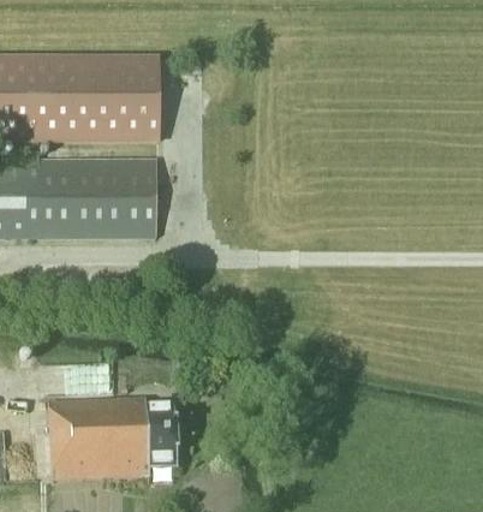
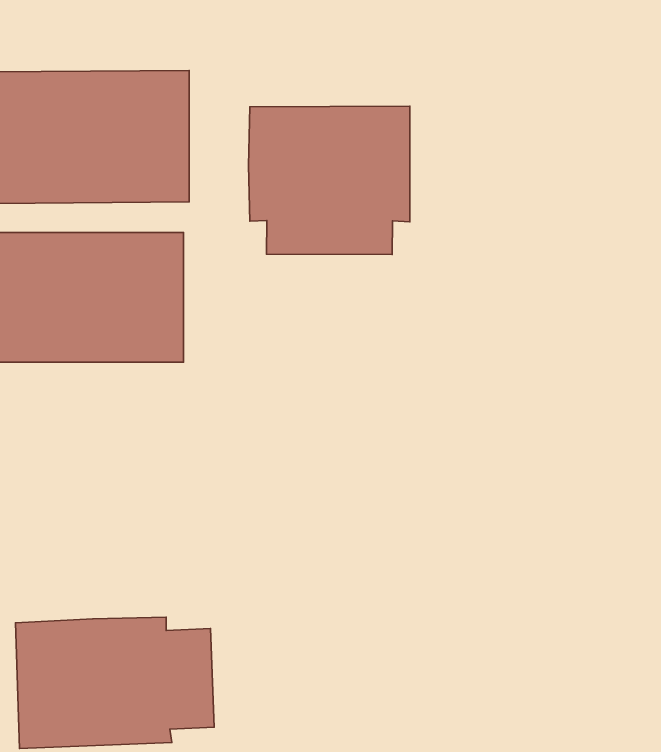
building: none -> [249,106,410,254]

